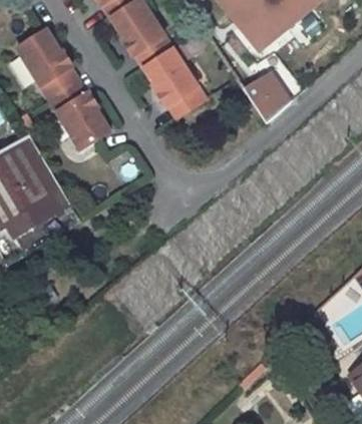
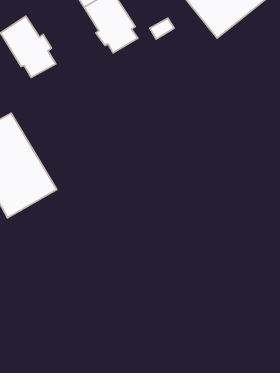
building: [142,50,207,120] -> none
building: [244,77,289,121] -> none
building: [52,80,109,147] -> none

